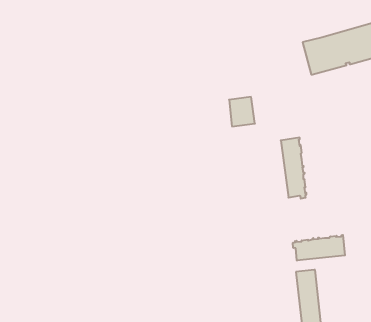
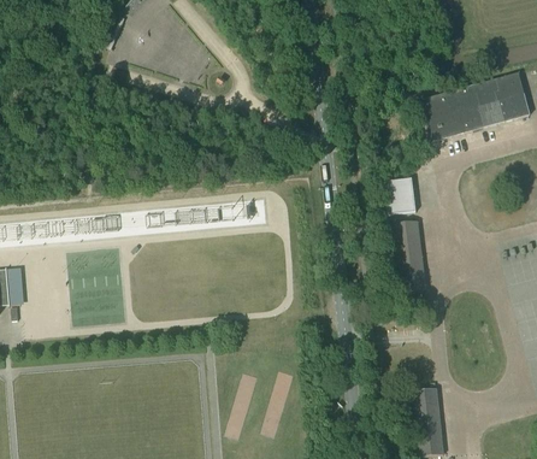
building: [229,97,255,126] -> [383,177,415,214]
building: [293,235,345,261] -> none

